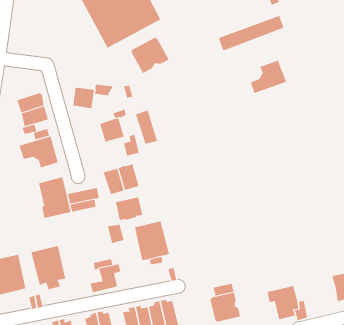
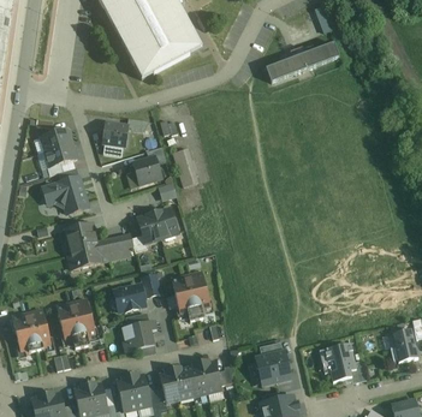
building: [131,37,170,74] -> none
building: [250,60,287,94] -> none
building: [115,197,143,220] -> [114,285,145,311]

